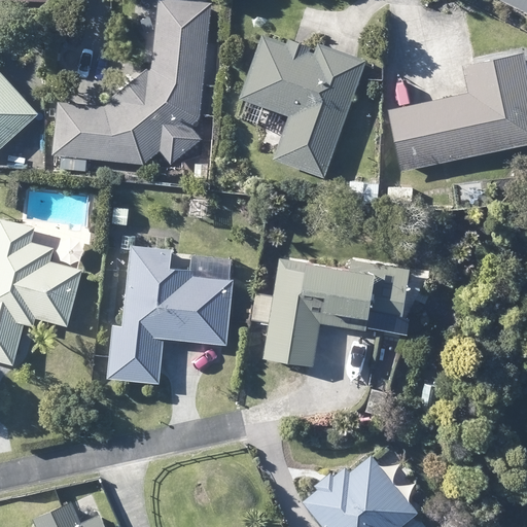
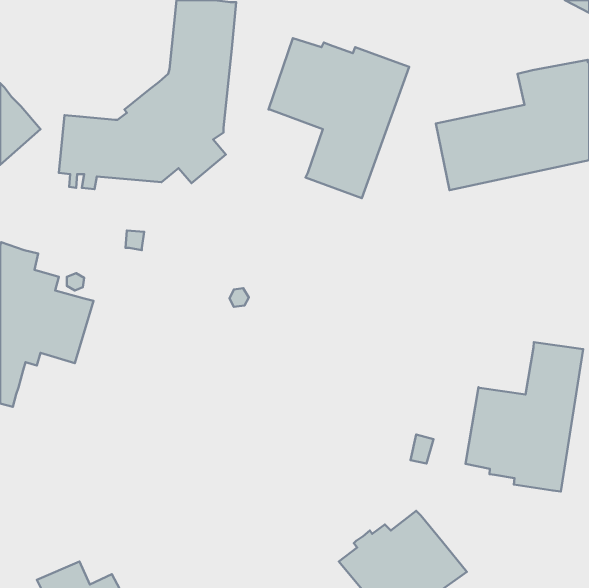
building: [108,246,233,383] -> none
building: [262,257,410,365] -> none
building: none -> [465,342,583,492]

